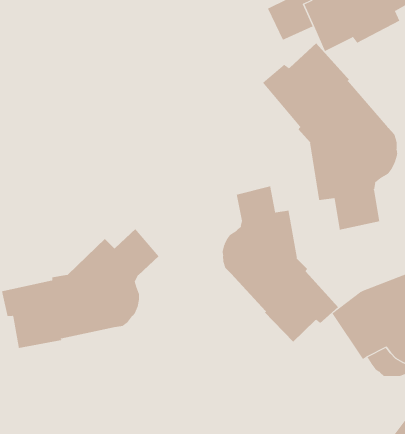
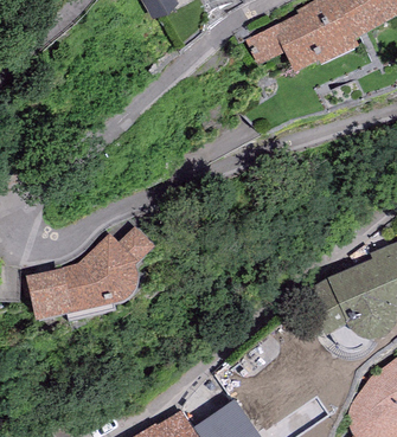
building: [262,42,398,231] -> none
building: [222,185,339,343] -> none

